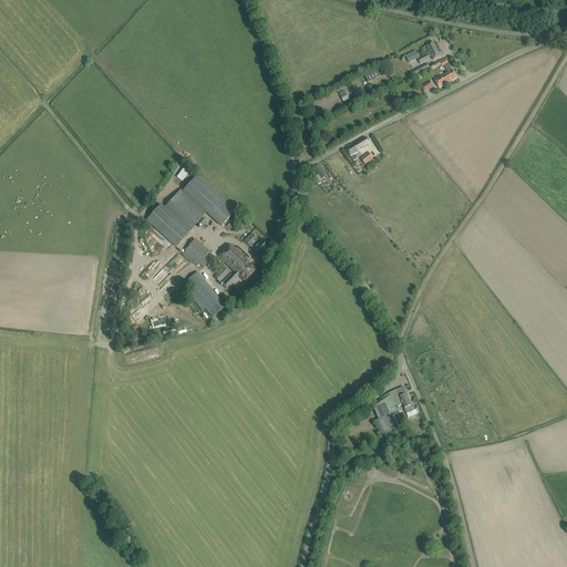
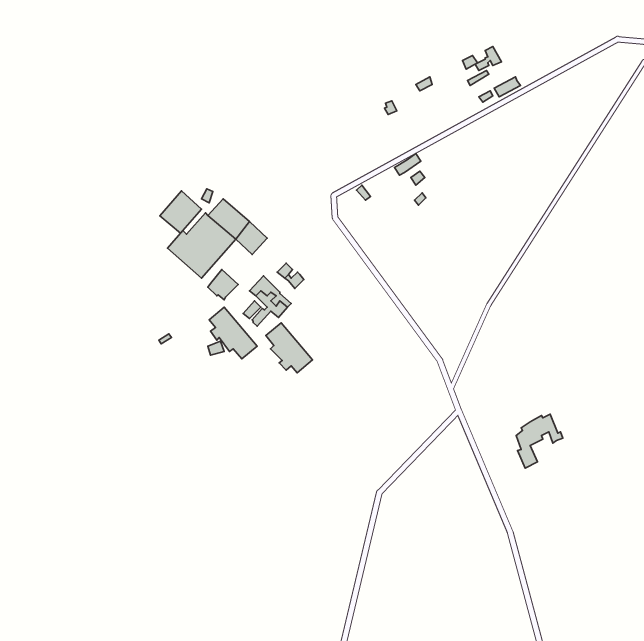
building: none -> [160,191,201,233]
building: none -> [266,323,312,373]
building: [374,386,415,434] -> [516,414,563,468]

